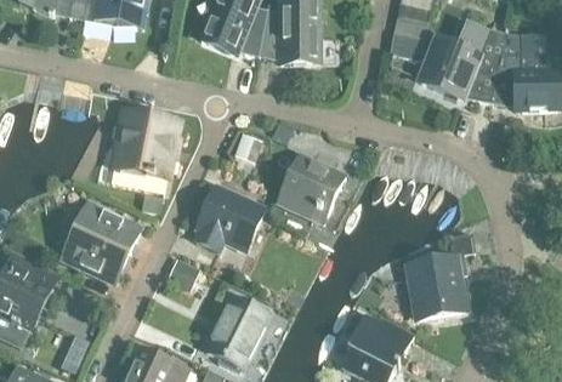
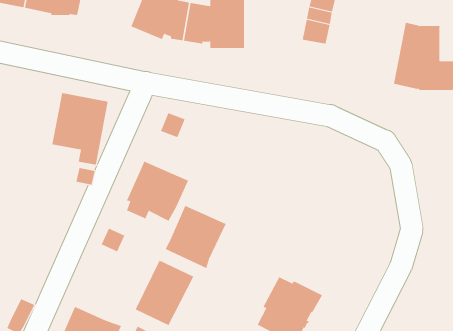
building: [415,21,503,101] -> none
building: [276,154,344,224] -> [165,205,226,269]
building: [61,199,137,280] -> none
building: [404,253,465,315] -> none

